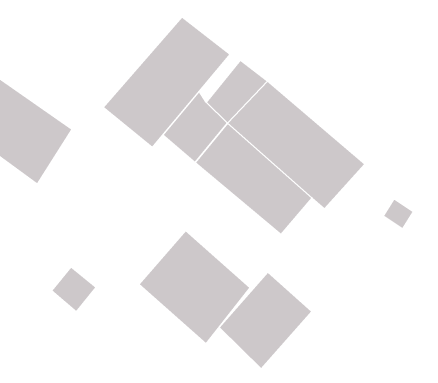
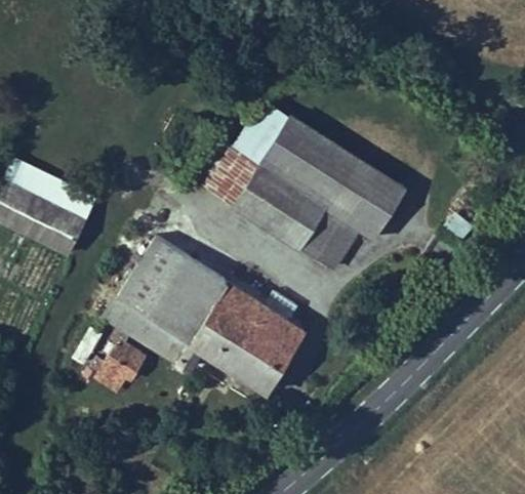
building: [103,17,230,148] -> none
building: none -> [100,236,231,373]
building: [219,272,312,369] -> none

